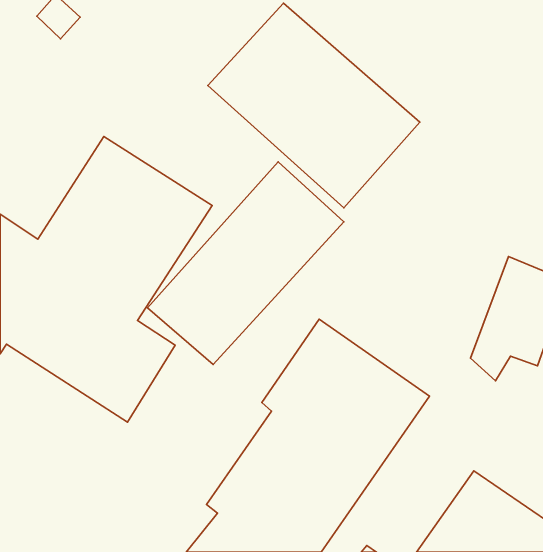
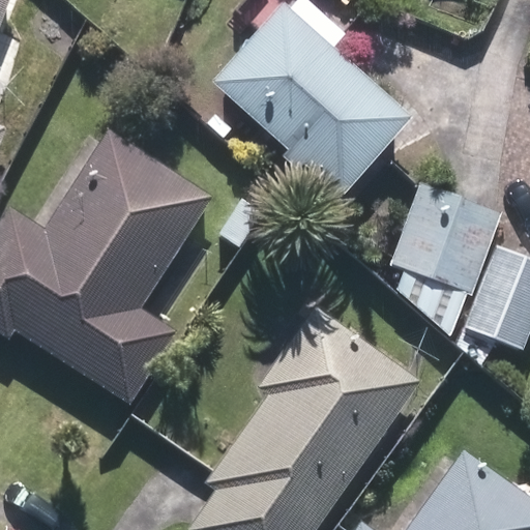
building: [147,162,344,365] -> none
building: none -> [388,184,501,296]

